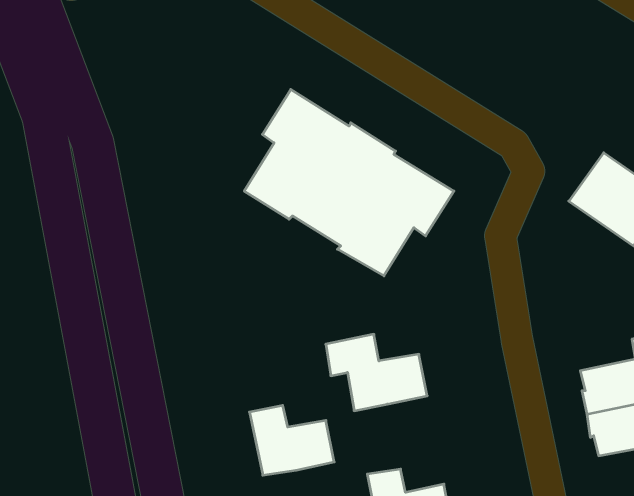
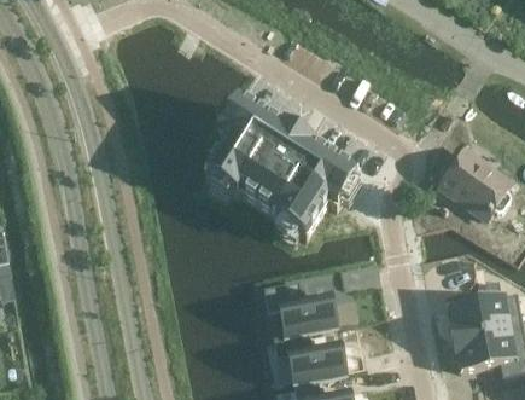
building: [249,405,334,475] -> [282,331,344,382]

